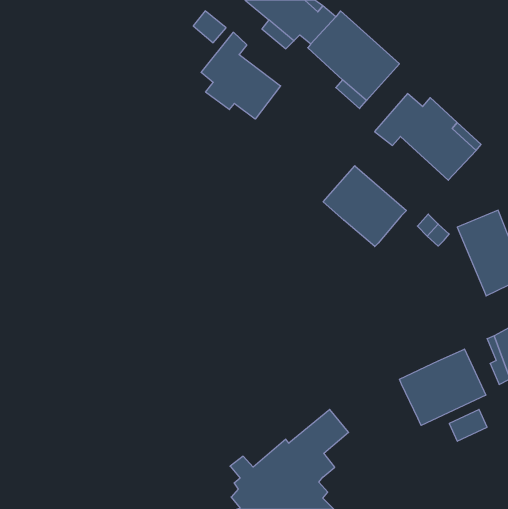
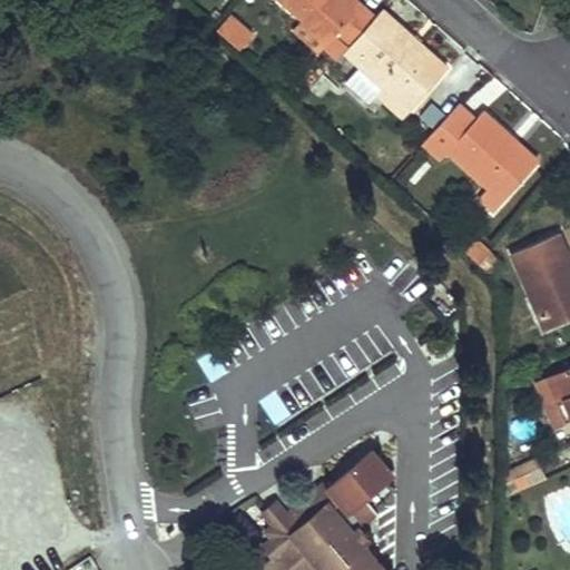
building: [201,32,281,119] -> none
building: [323,166,406,247] -> none
building: [400,349,486,425] -> none

